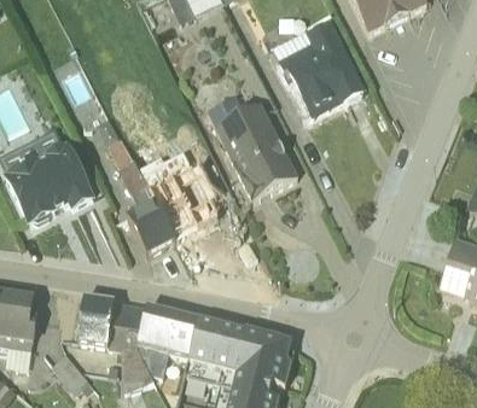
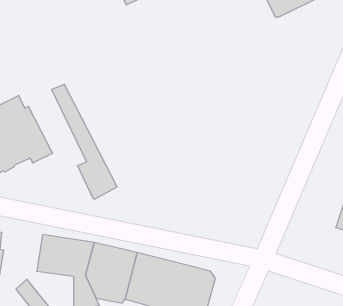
building: [273,22,365,111] -> none
building: [208,94,297,199] -> none

